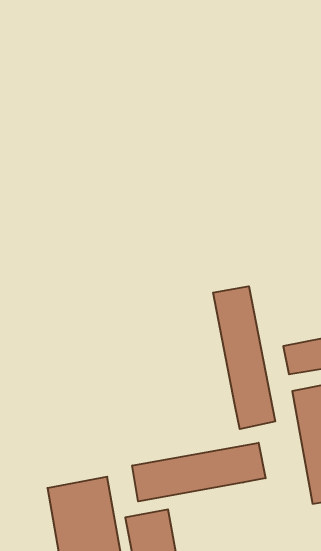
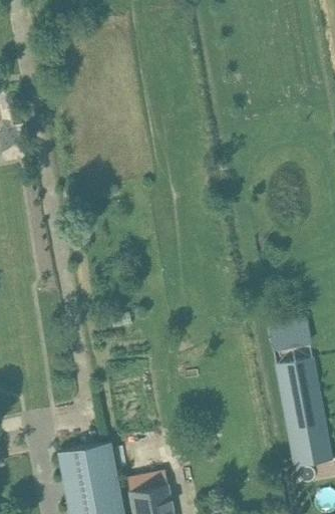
building: [213,286,275,429] -> none
building: [132,443,266,501] -> none

